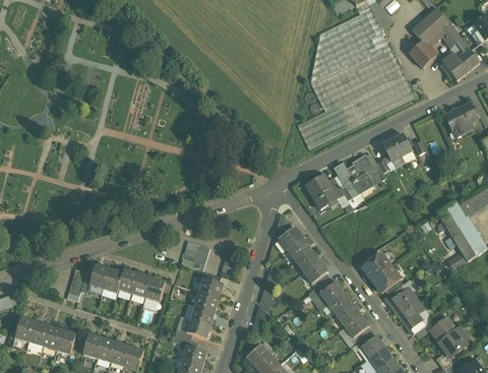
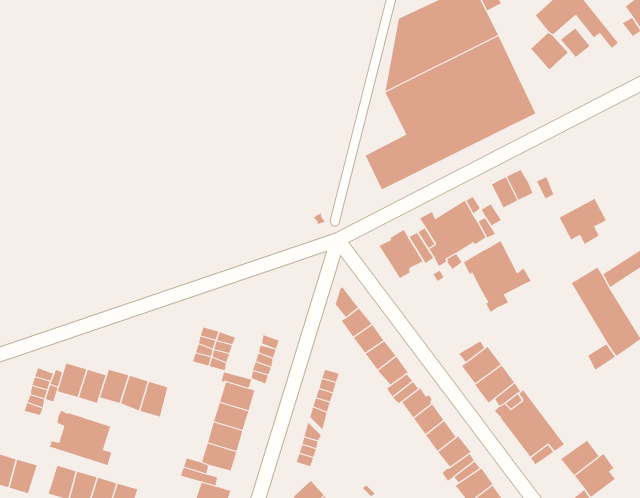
building: [441,49,479,80] -> none
building: [444,103,477,134] -> [559,198,607,245]
building: none -> [463,241,532,313]
building: none -> [48,410,112,466]

